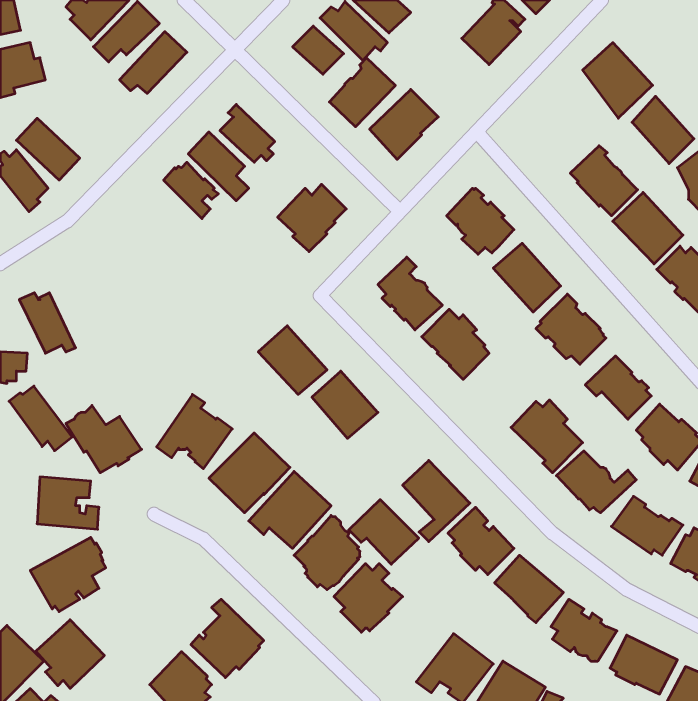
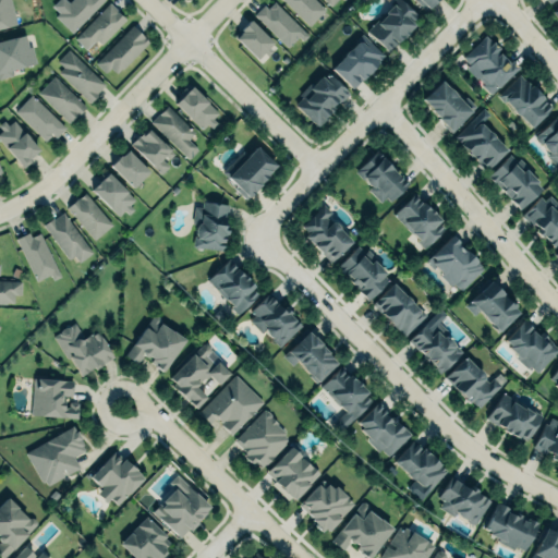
building: [329,58,395,127] -> [335,35,387,89]
building: none -> [54,50,108,102]
building: none -> [40,77,87,124]
building: none -> [424,82,478,133]
building: none -> [112,149,151,189]
building: none -> [93,173,138,219]
building: none -> [70,193,114,240]
building: none -> [195,204,229,250]
building: none -> [375,283,428,336]
building: [9,386,72,451] -> [46,213,96,264]
building: [349,500,419,564] -> [284,332,340,384]
building: none -> [301,487,356,533]
building: [36,620,104,688] -> [92,451,146,506]

